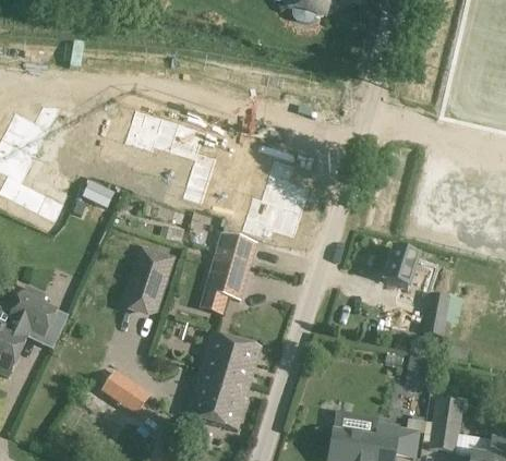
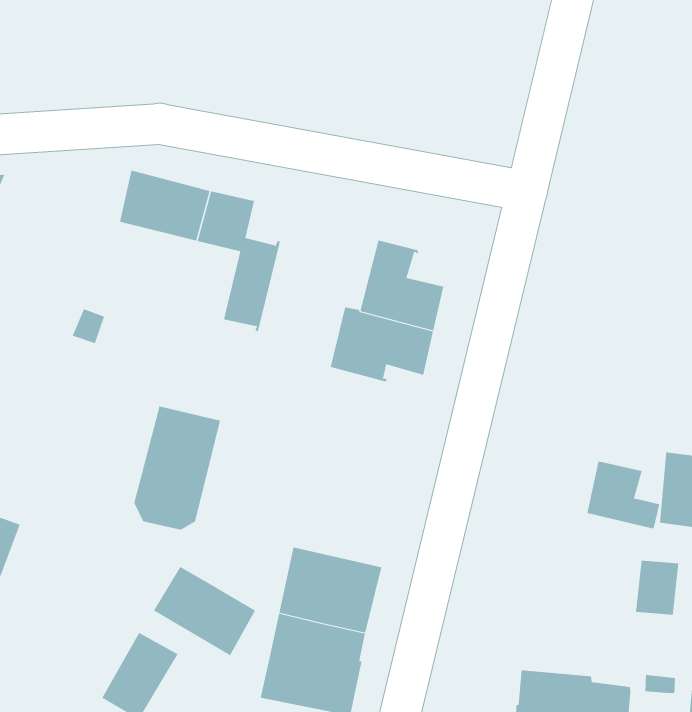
building: [204,232,258,301] -> none
building: [385,251,427,292] -> [586,461,660,529]
building: none -> [153,566,256,656]

